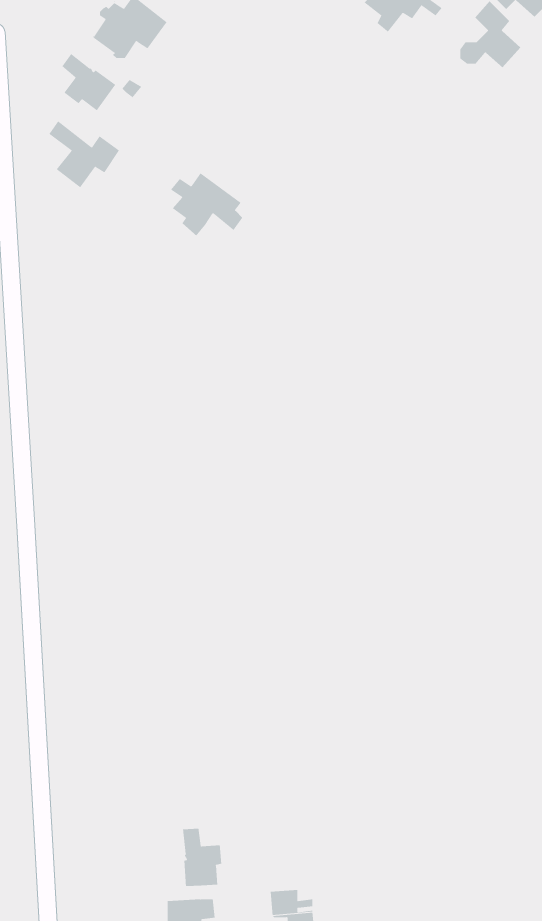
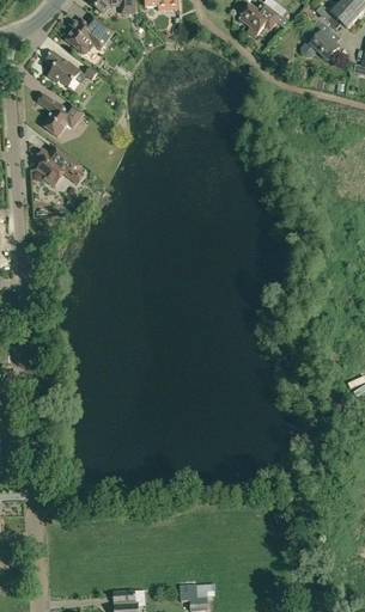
building: [170,173,243,236] -> [35,145,81,185]
building: [183,828,222,887] -> none

